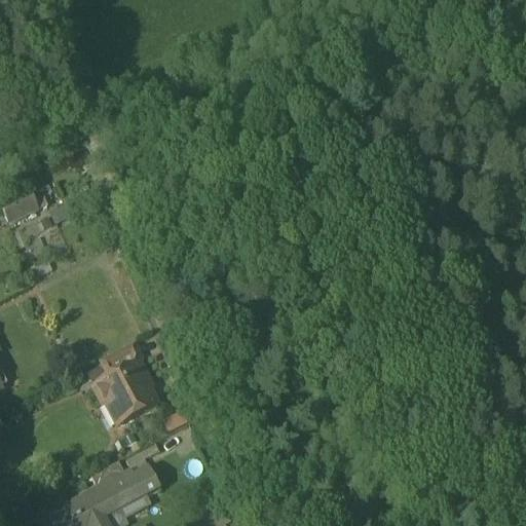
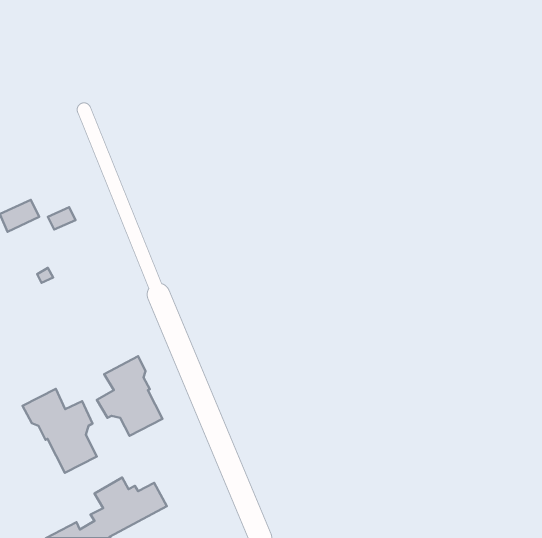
building: none -> [23,389,97,473]

